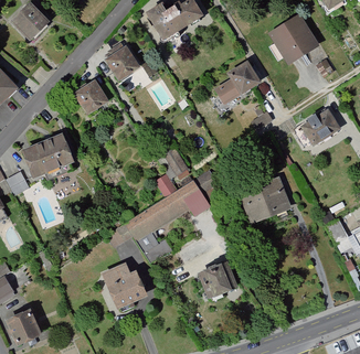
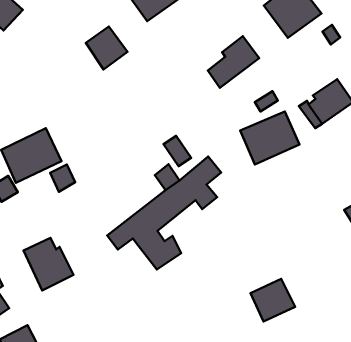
building: [70,81,107,118] -> none
building: [237,175,290,222] -> [240,111,299,165]
building: [197,260,236,298] -> [251,279,295,321]
building: [98,261,142,309] -> [23,238,74,291]

